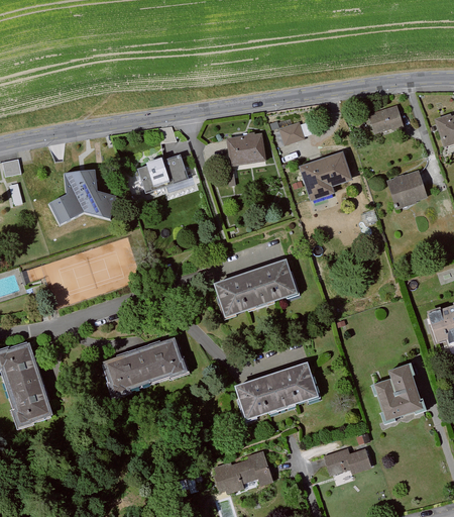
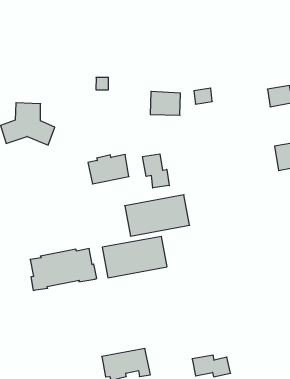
building: [137,150,190,192] -> [88,155,129,184]
building: [300,151,352,201] -> none
building: none -> [143,154,169,188]
building: [368,364,425,426] -> none
building: [234,365,317,424] -> [102,236,167,278]

